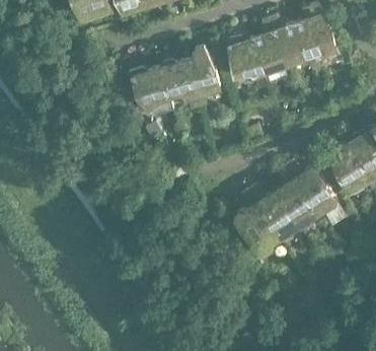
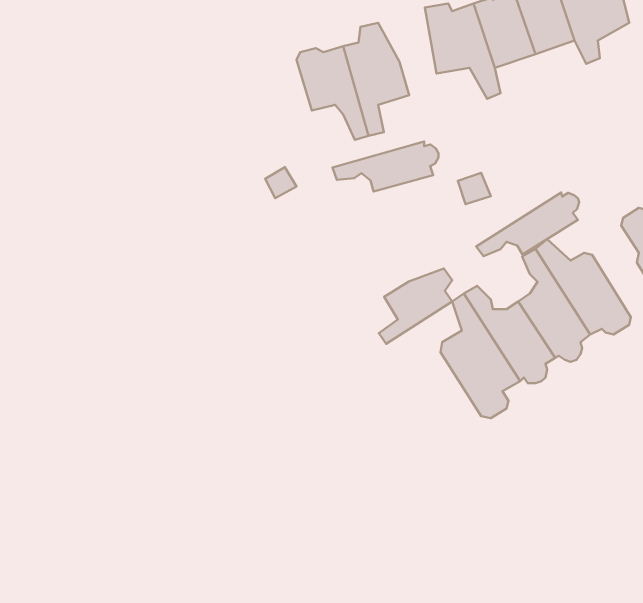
building: [126,64,167,101] -> none
building: none -> [332,142,439,192]
building: none -> [476,192,579,256]
building: none -> [379,268,452,344]

